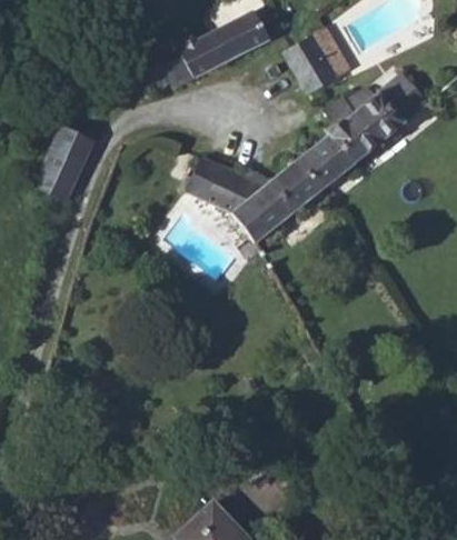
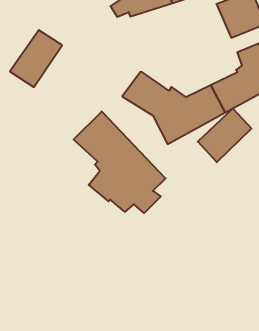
building: none -> [198,108,251,162]
building: none -> [74,111,166,213]

